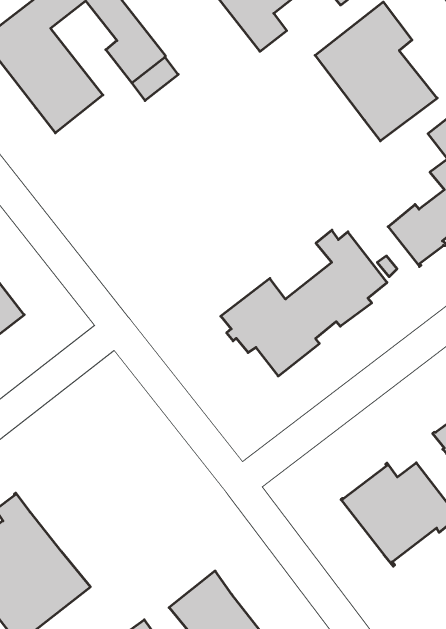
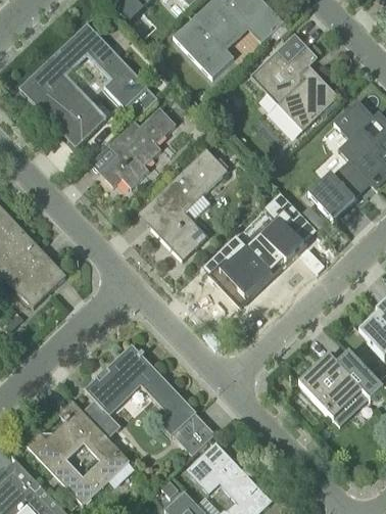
building: none -> [100,108,176,188]
building: none -> [149,149,228,260]
building: none -> [84,345,215,457]

